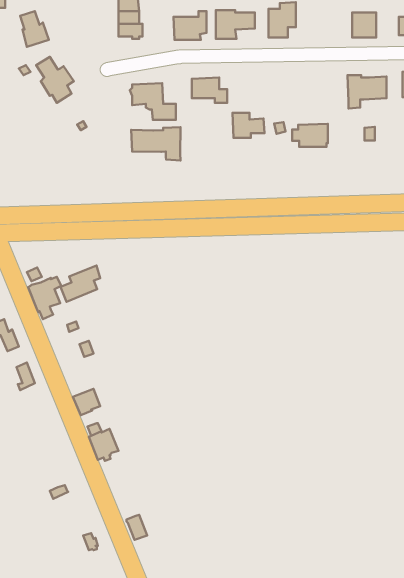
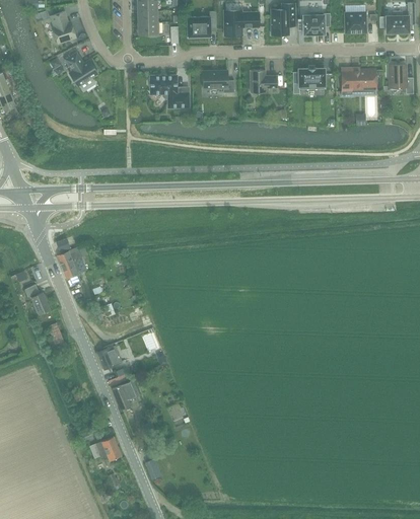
building: none -> [303,11,330,33]
building: [232,113,264,138] -> [250,70,278,92]
building: [292,124,328,147] -> [293,68,325,88]
building: [131,127,181,160] -> none
building: [60,266,100,302] -> none
building: none -> [95,436,122,461]

